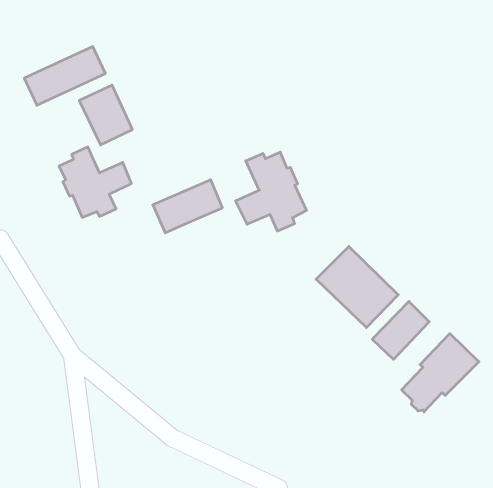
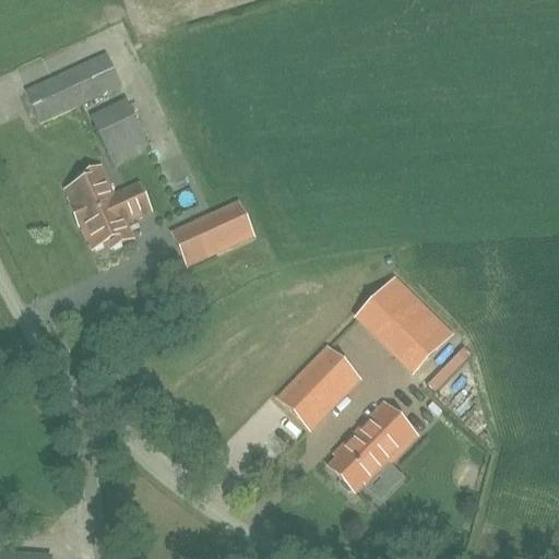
building: [236,152,306,231] -> none
building: none -> [280,347,359,427]
building: [402,334,479,412] -> [330,402,417,490]

